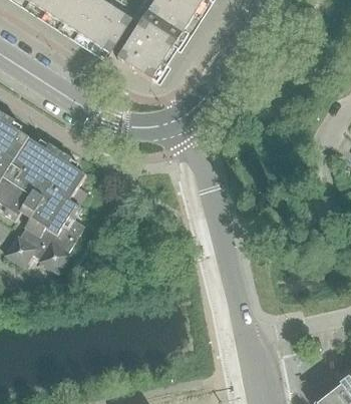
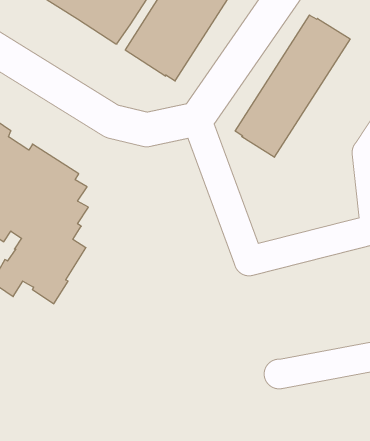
building: none -> [235,15,350,157]

